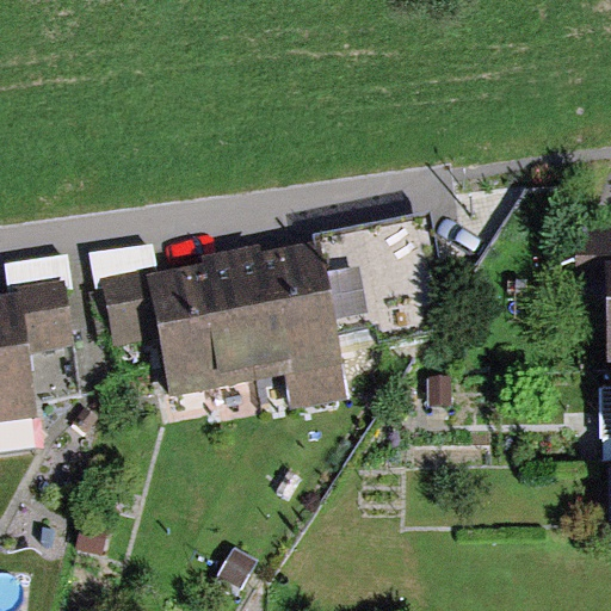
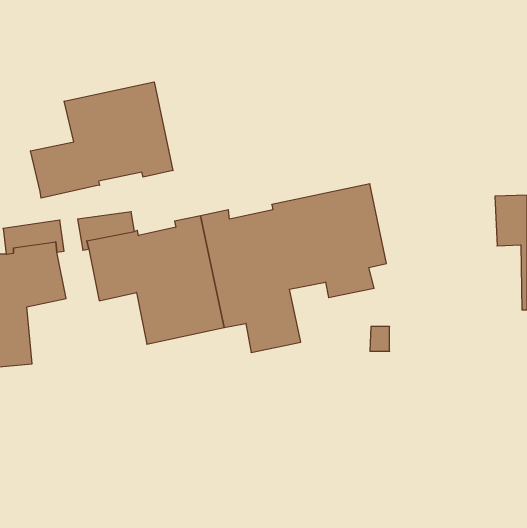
building: none -> [31,82,173,198]

